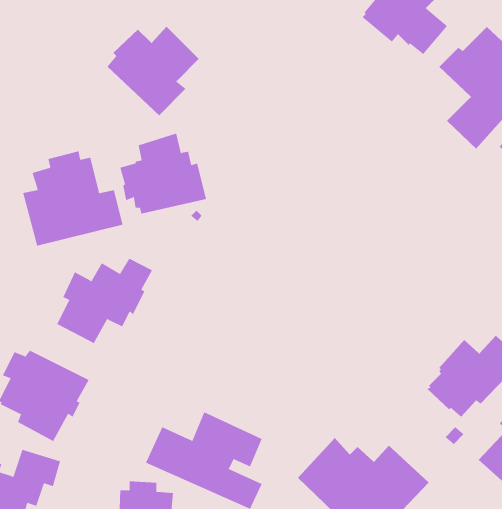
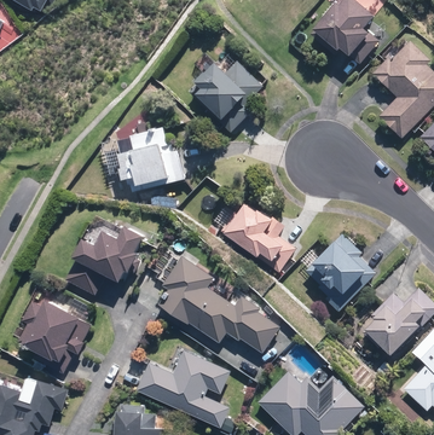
building: [106,26,200,116] -> [187,59,262,132]
building: [22,150,123,247] -> none
building: none -> [220,203,296,273]
building: none -> [305,233,376,311]
building: none -> [157,255,279,353]

